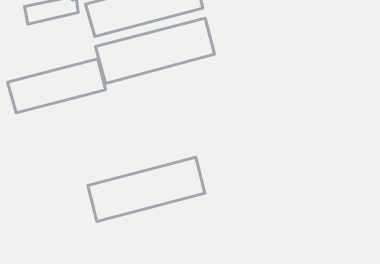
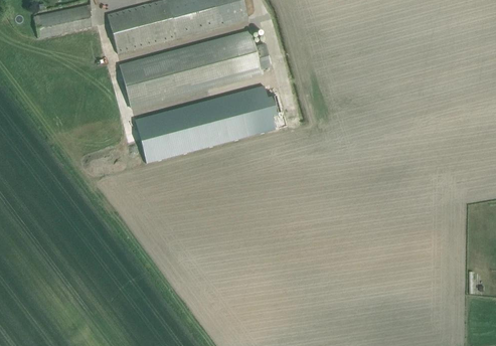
building: [7,59,105,113] -> none
building: [88,157,205,222] -> [134,85,275,163]

